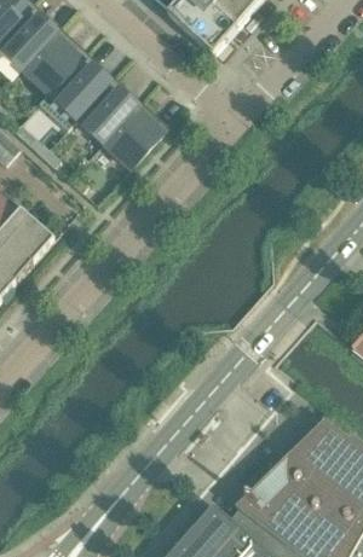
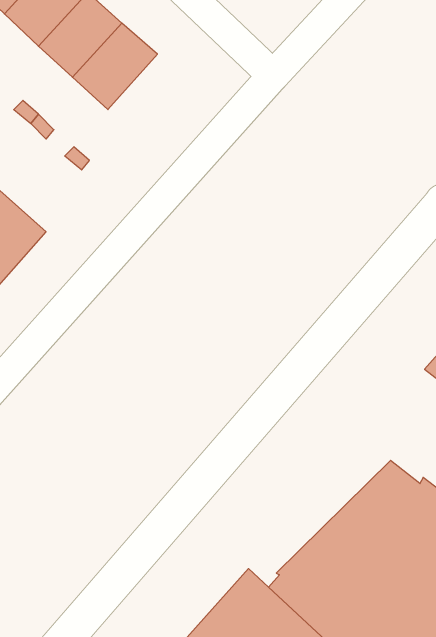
building: [102,100,168,168] -> none

